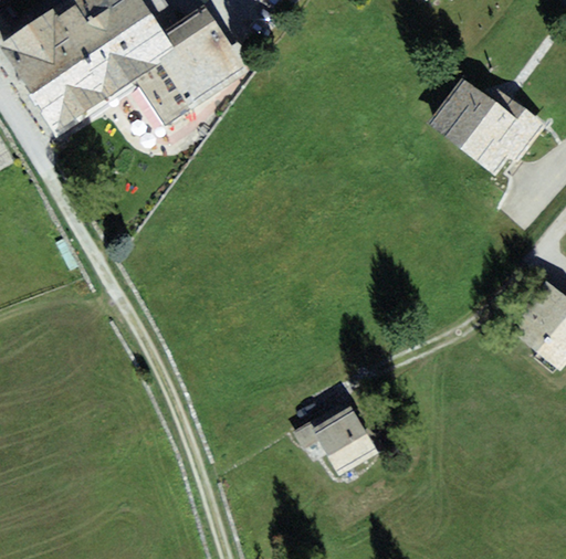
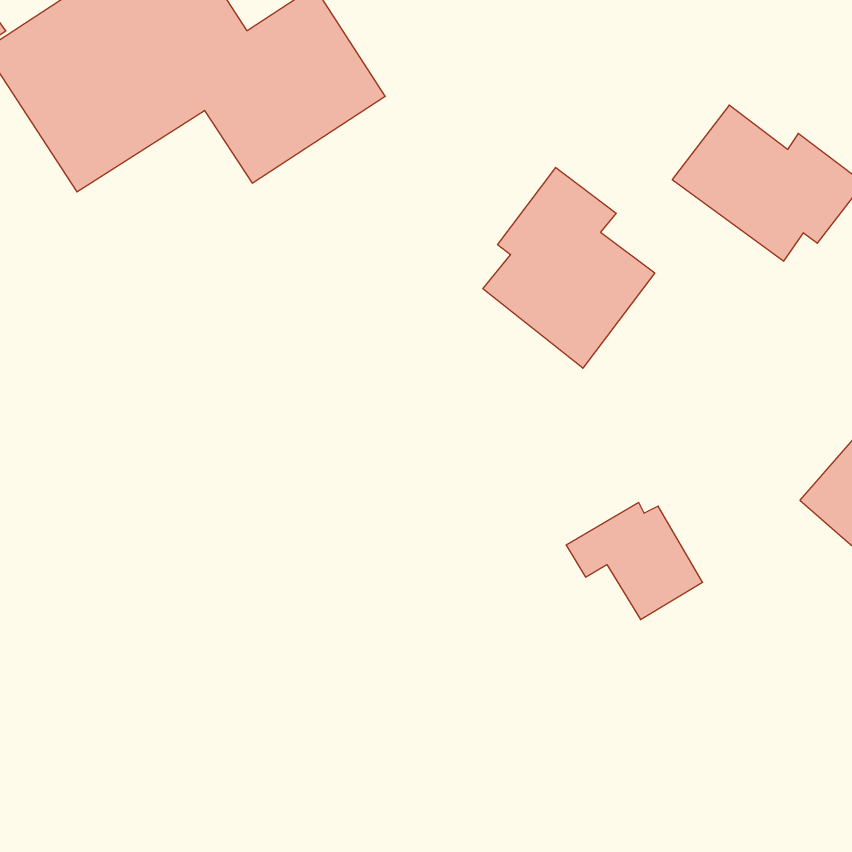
building: none -> [483,167,655,368]
building: [293,403,378,476] -> [566,503,703,620]

